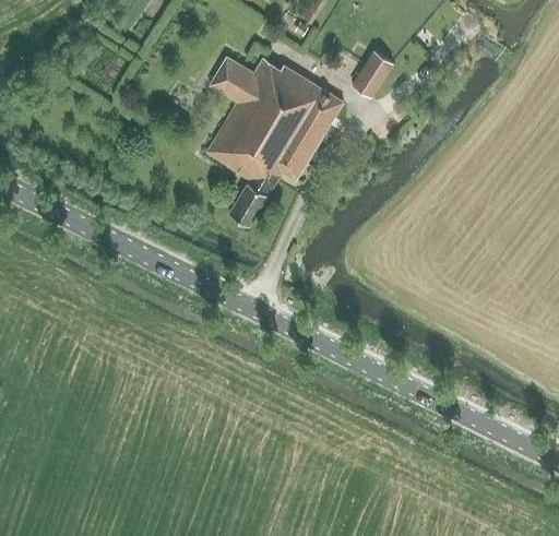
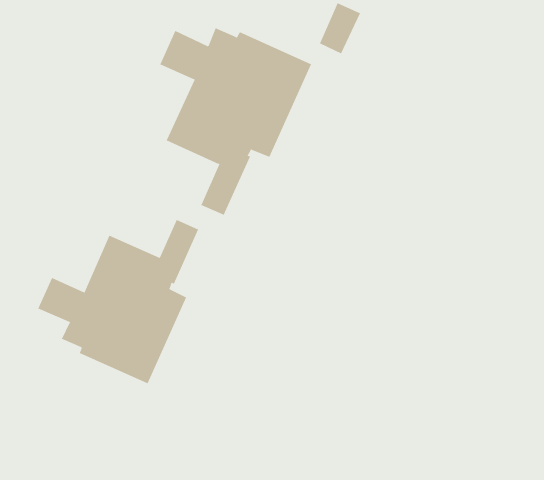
building: none -> [37,219,199,384]

